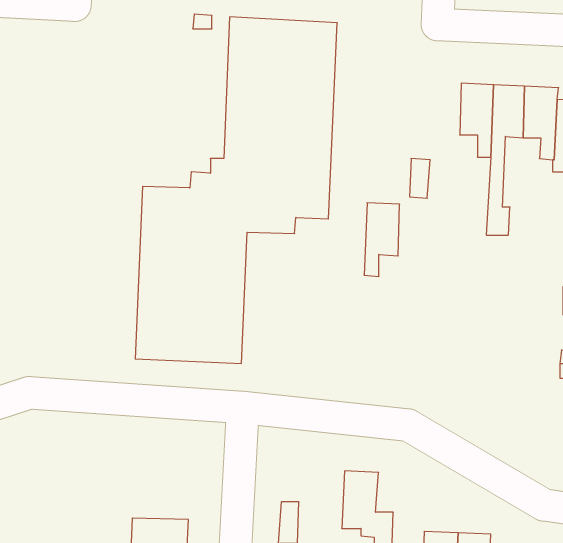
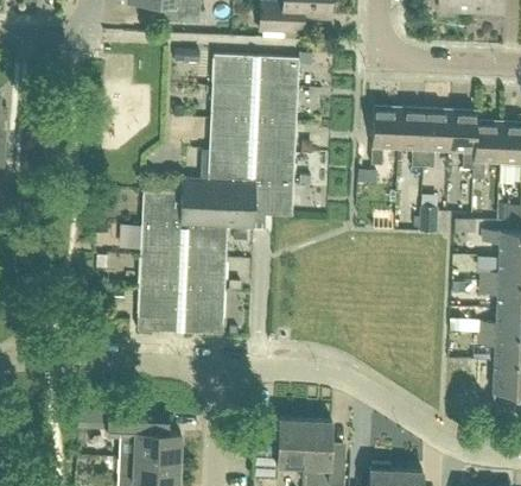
building: [364,203,400,276] -> [370,106,399,165]
building: none -> [108,411,180,459]
building: none -> [277,418,305,471]

